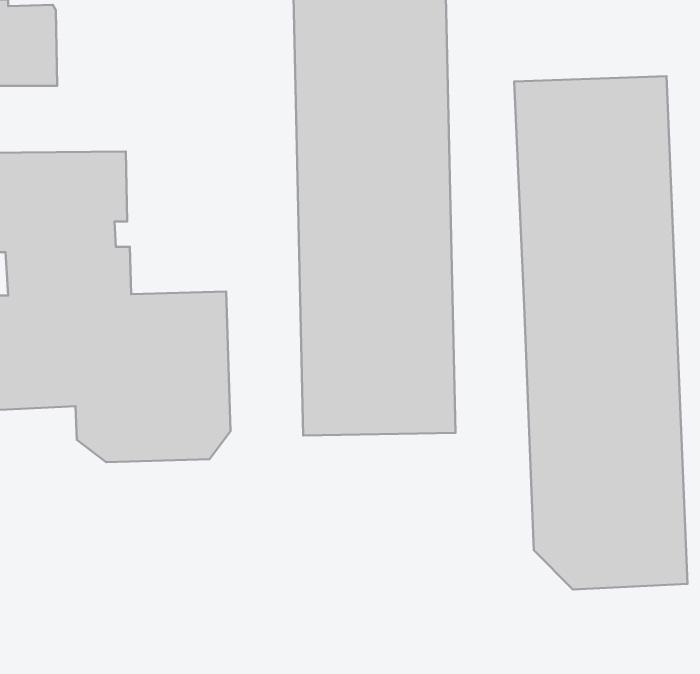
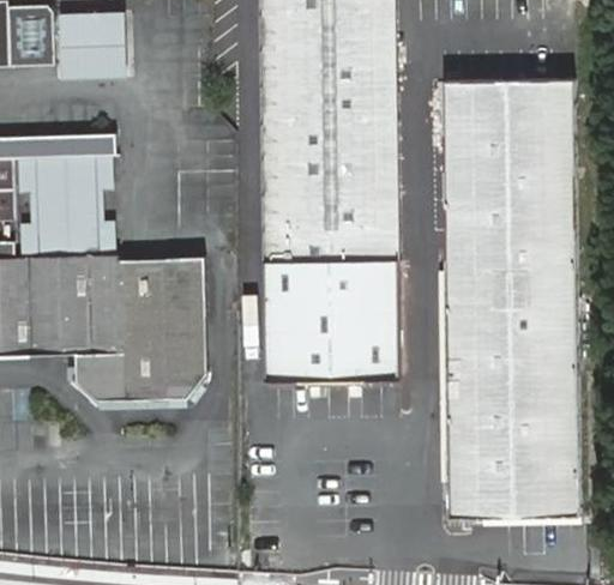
building: none -> [53,12,121,77]
building: none -> [444,265,595,521]

